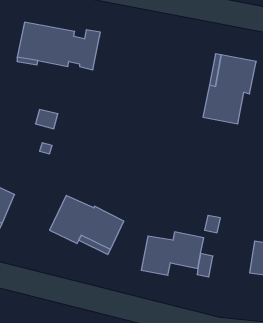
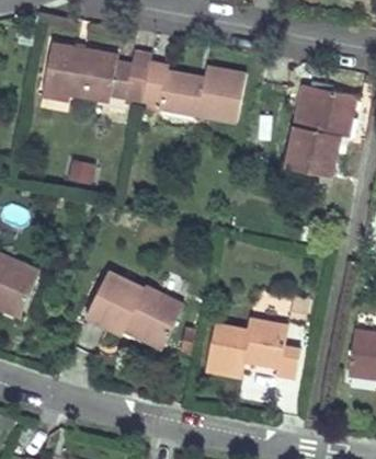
building: none -> [143,61,246,123]

